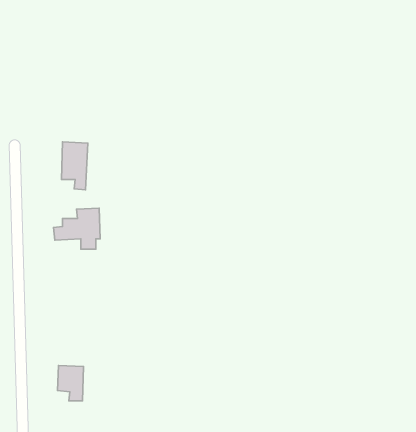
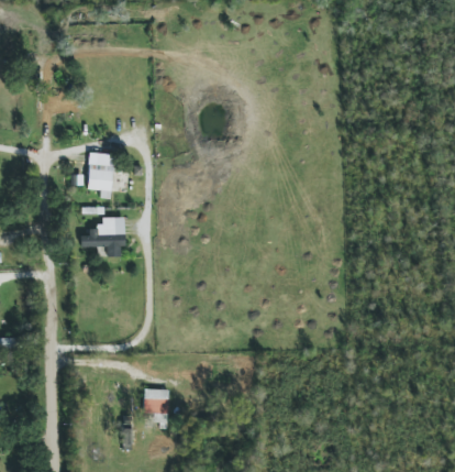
building: [57,366,84,401] -> [143,388,168,422]

